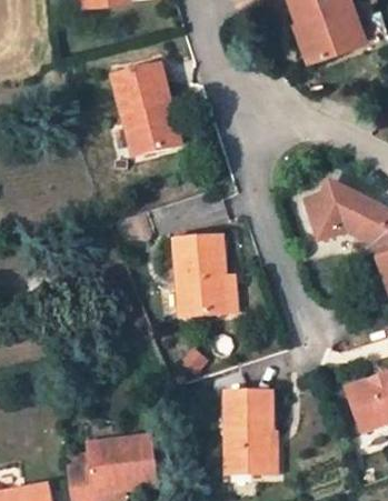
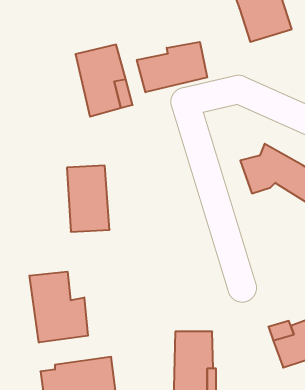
building: none -> [137,42,207,92]
building: [171,240,220,315] -> [67,166,110,232]
building: none -> [29,272,88,343]

